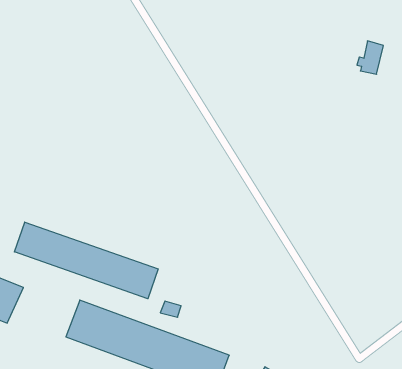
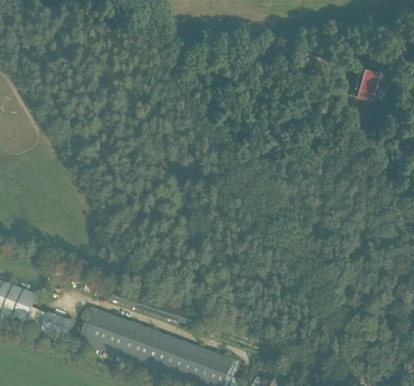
building: [14,222,158,299] -> none
building: none -> [37,309,72,340]

